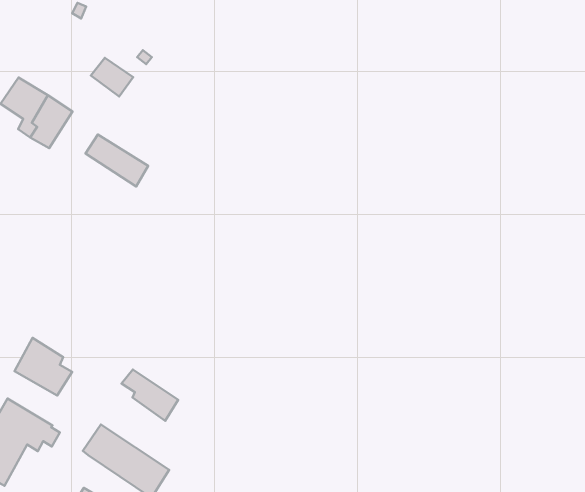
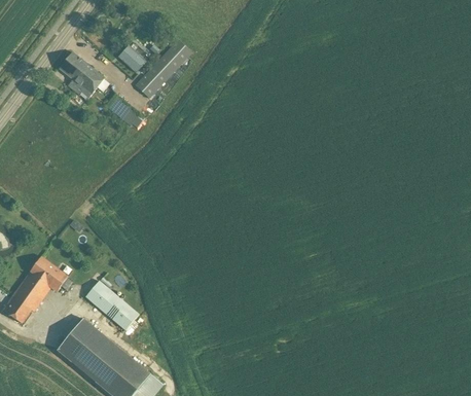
building: none -> [137,40,193,99]
building: [15,338,72,396] -> none
building: [122,369,178,421] -> none

